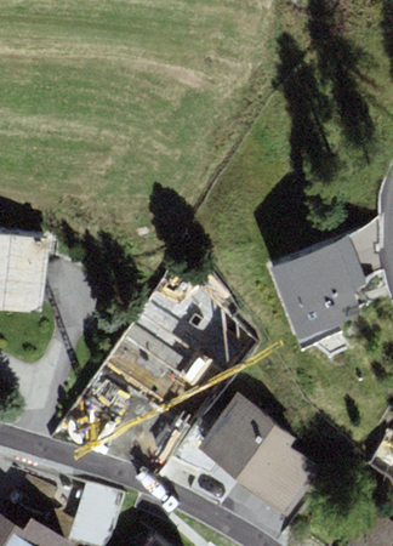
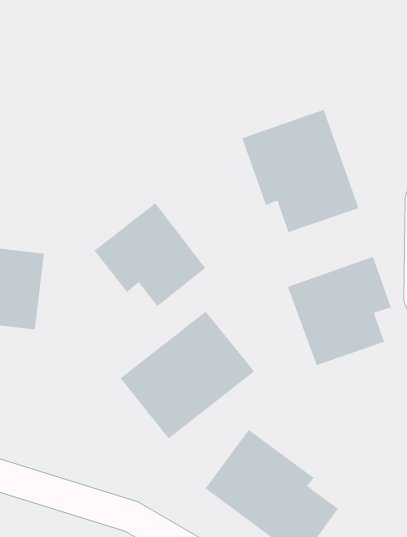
building: none -> [241,109,359,233]
building: none -> [94,202,206,307]

